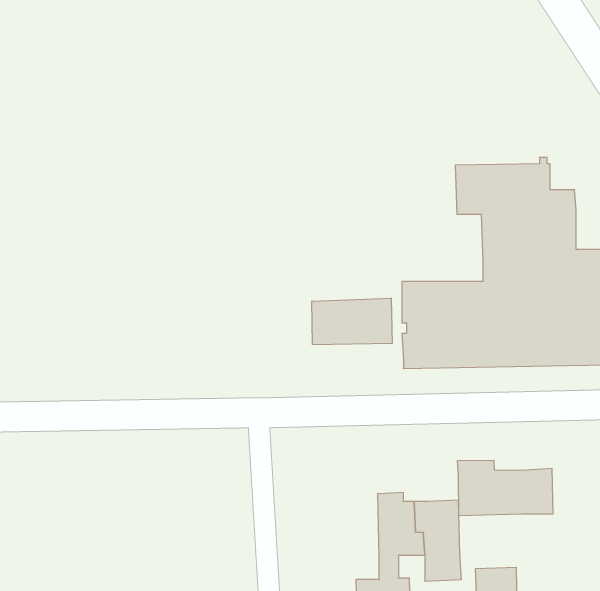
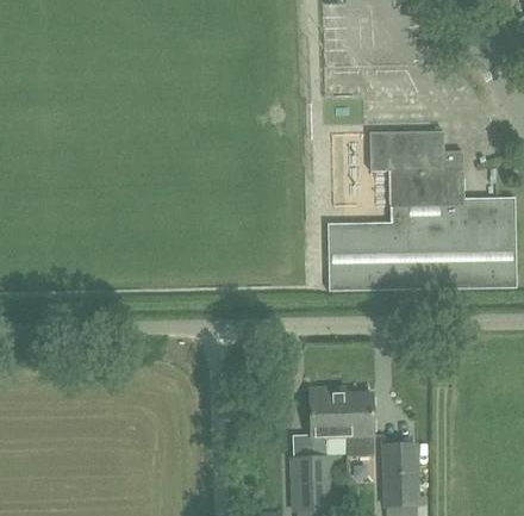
building: [312,298,392,345] -> none
building: [458,460,553,516] -> none

